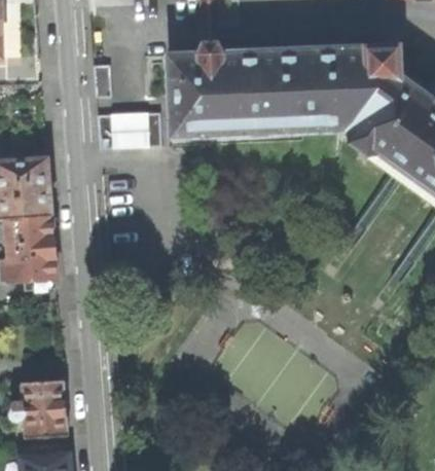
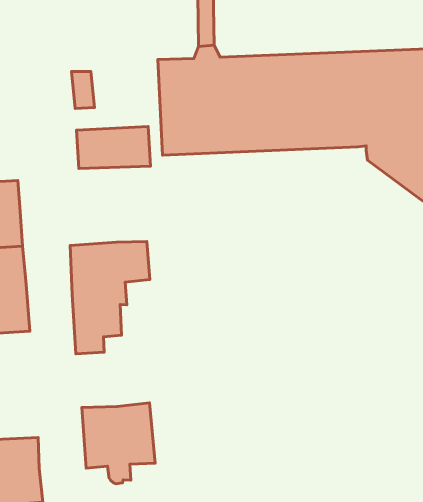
building: none -> [70,241,150,354]
building: none -> [82,403,155,484]

